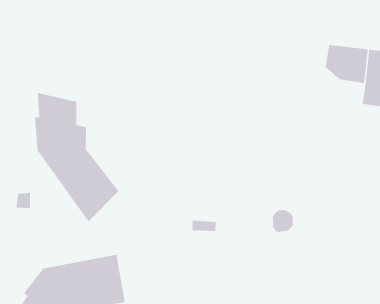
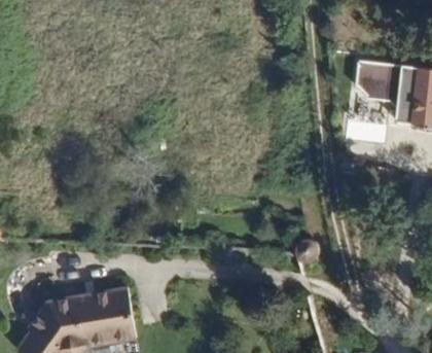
building: [34,92,119,222] -> none

